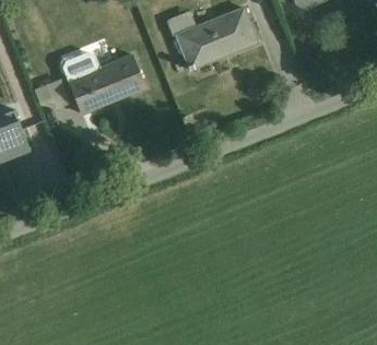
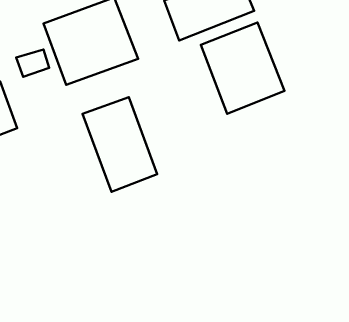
building: none -> [201,23,285,114]
building: none -> [83,97,157,192]

